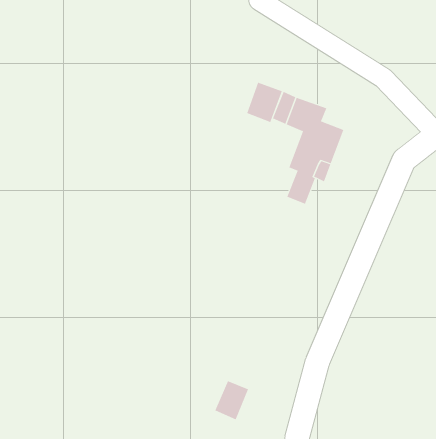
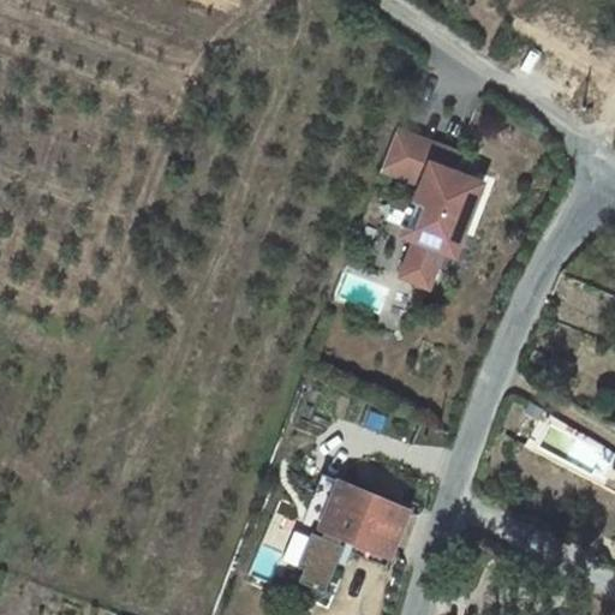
building: [247,82,283,123] -> none
building: none -> [303,474,408,557]

